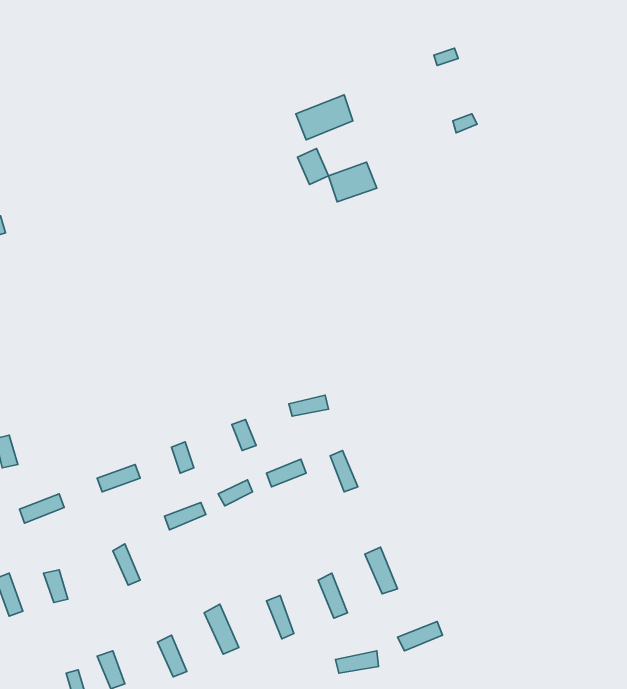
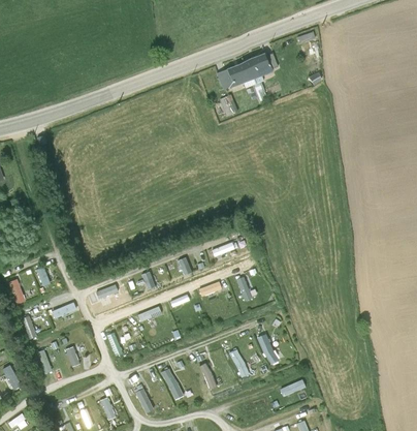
building: [329,162,377,202] -> [246,55,275,79]

